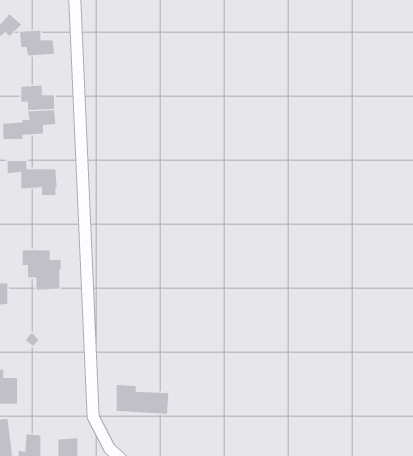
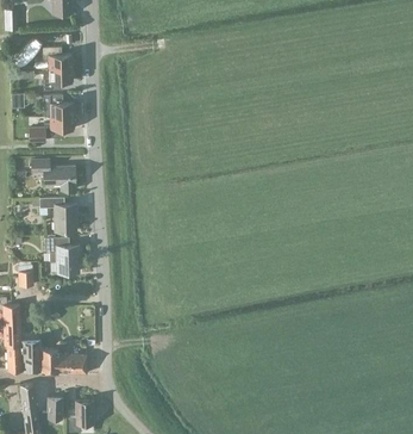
building: none -> [45,64,75,87]
building: none -> [35,193,79,228]
building: [116,384,169,414] -> [43,345,89,371]

